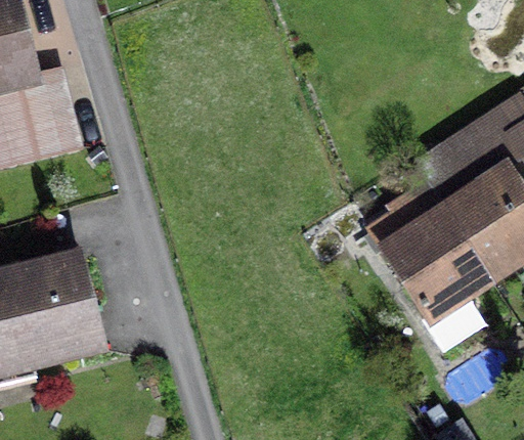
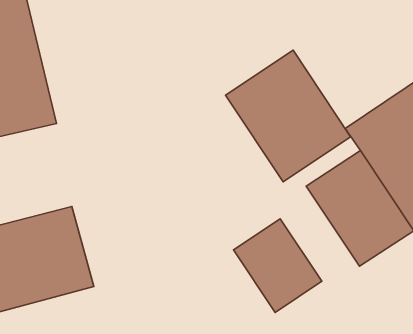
building: none -> [226,50,351,182]
building: none -> [234,219,322,312]

